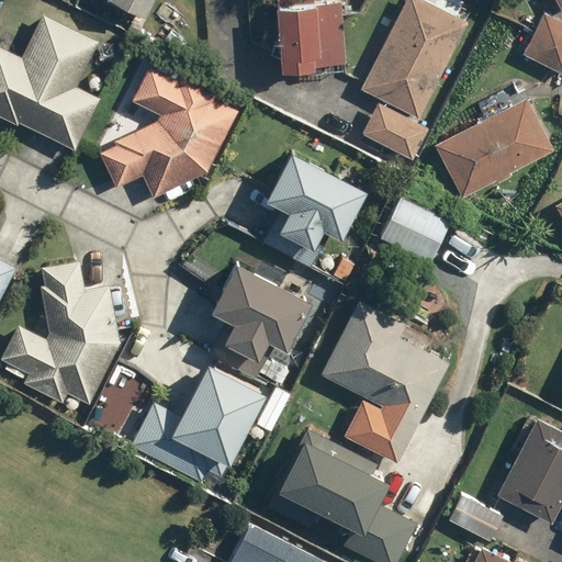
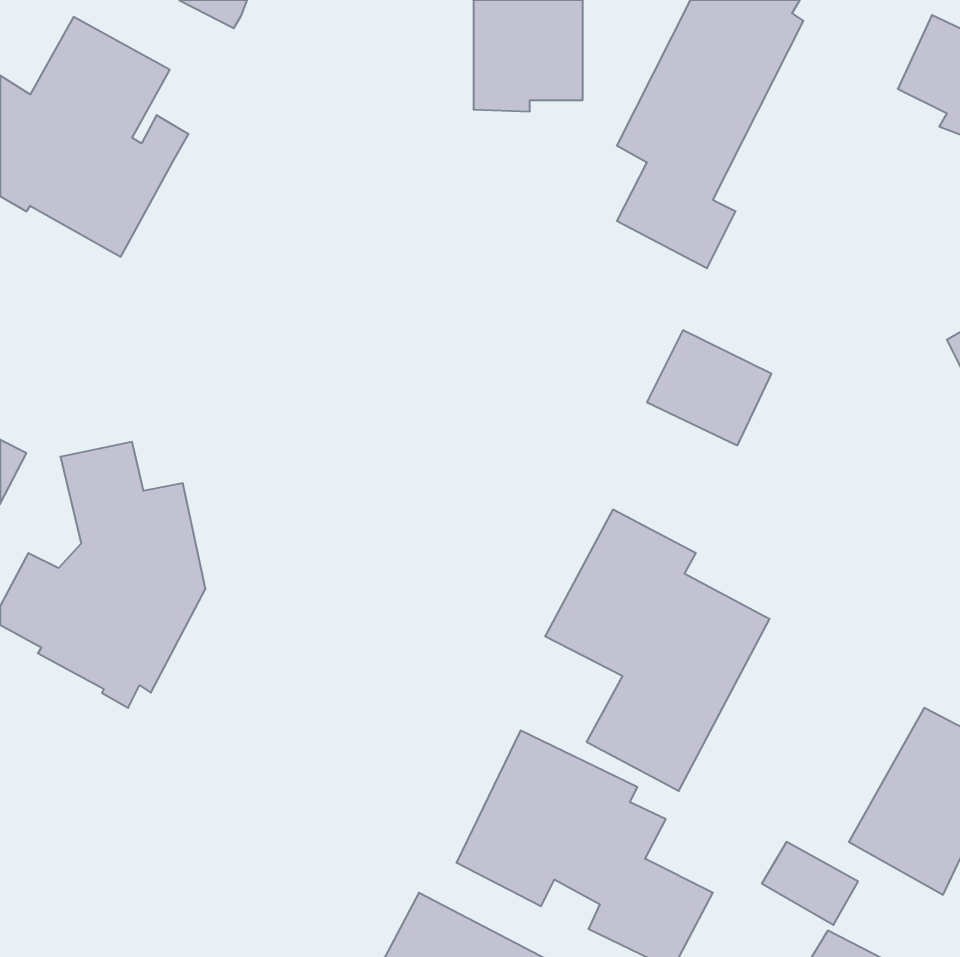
building: [101,61,239,199] -> none
building: [434,95,553,196] -> none
building: [263,149,366,269] -> none
building: [205,259,314,386] -> none
building: [133,363,263,481] -> none

